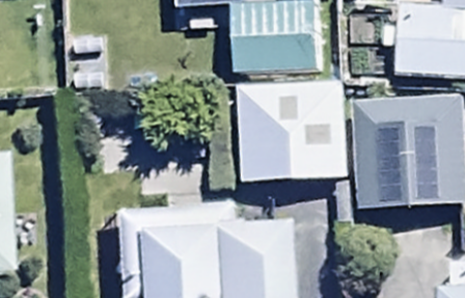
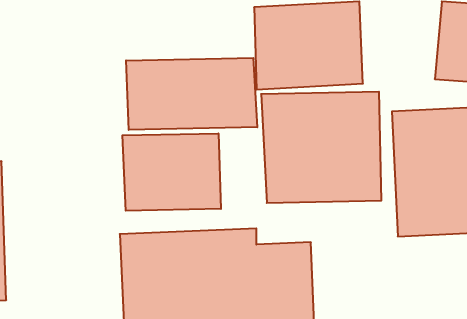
building: none -> [126,58,257,130]
building: none -> [122,133,221,211]

